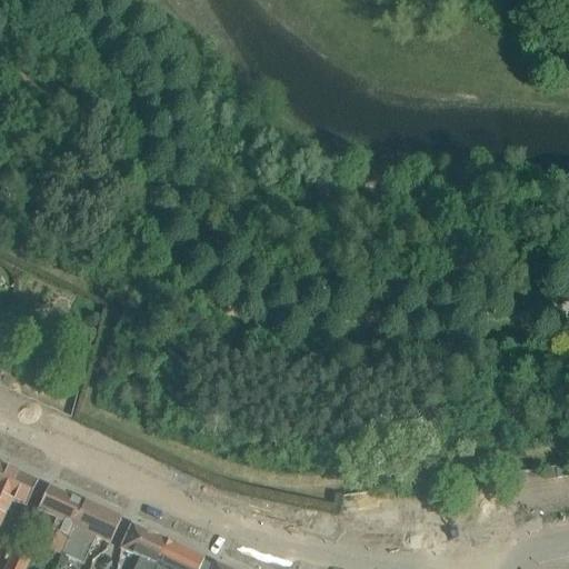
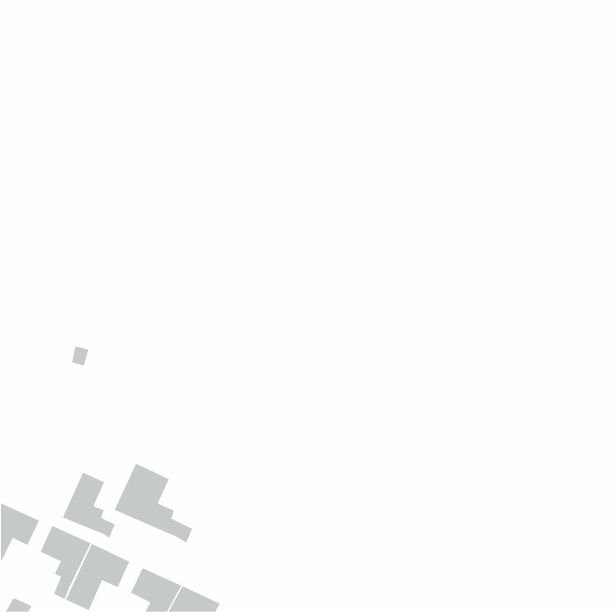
building: none -> [114,463,193,543]
building: none -> [62,472,116,538]

